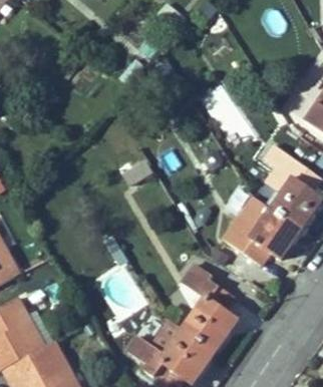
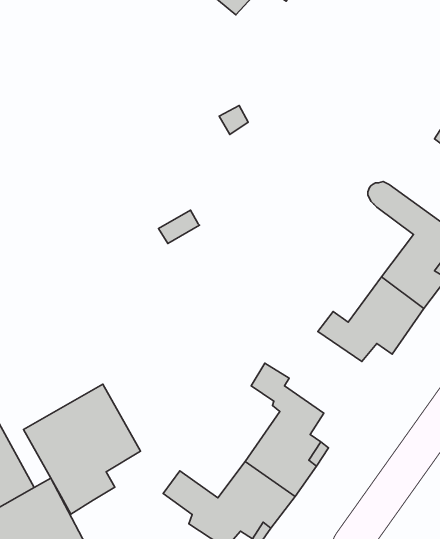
building: [222,192,272,243] -> none
building: none -> [24,384,141,514]

